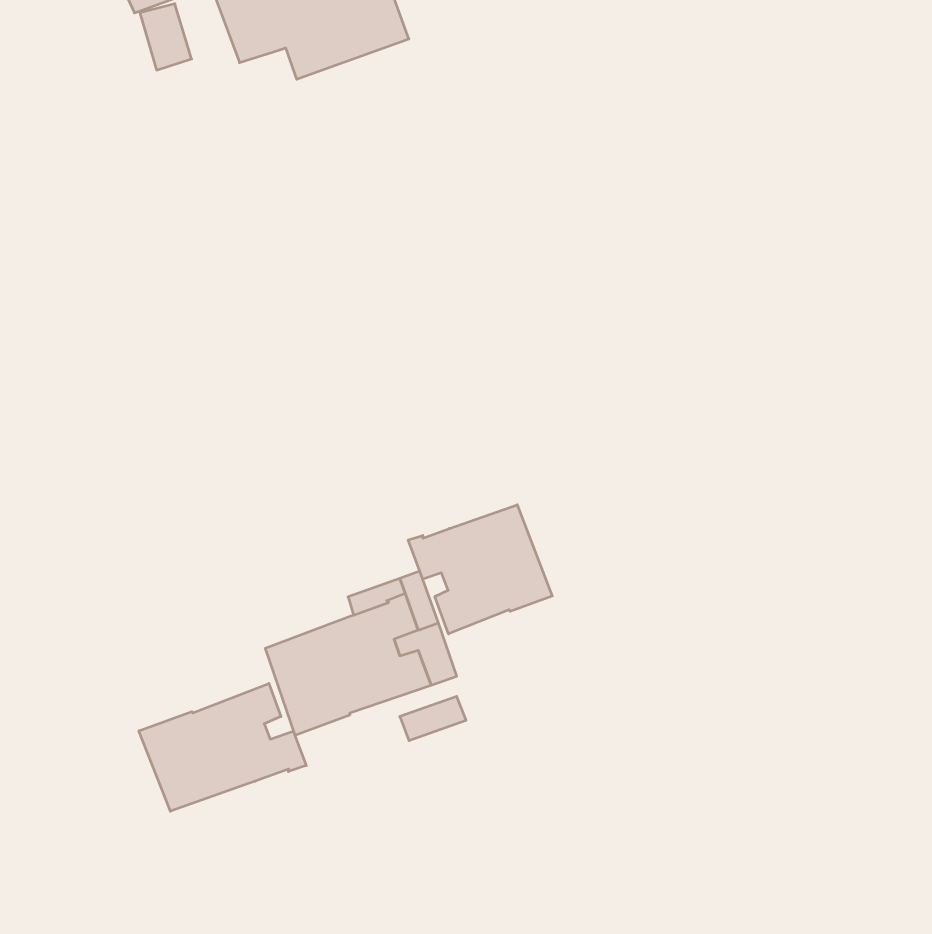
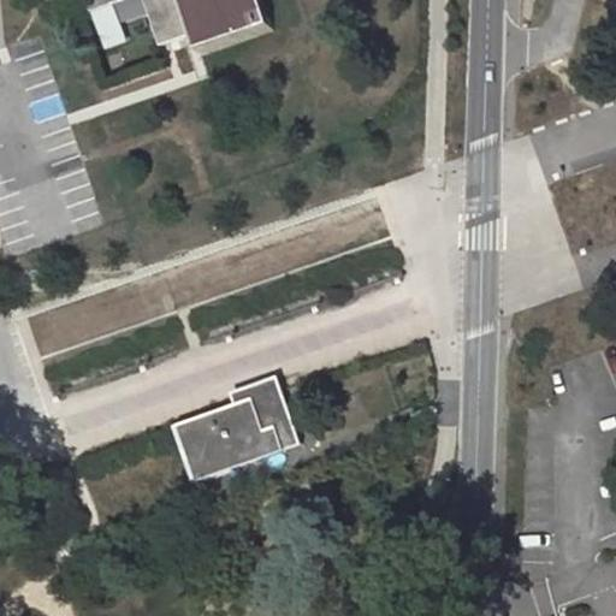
building: [408,505,552,634] -> none
building: [139,683,306,811] -> none

